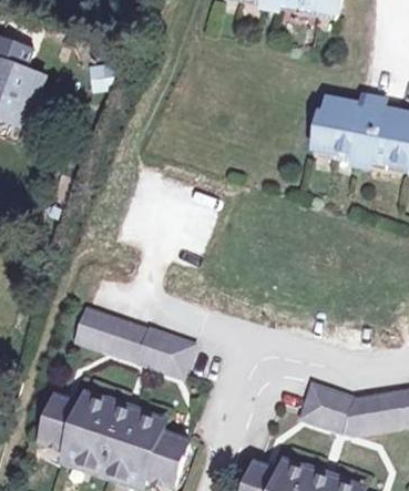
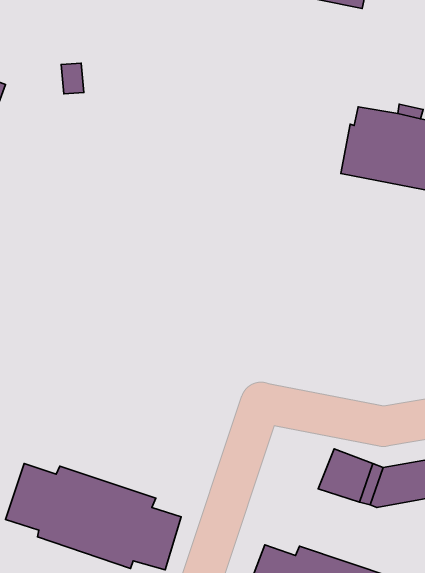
building: [73,308,192,376] -> none

